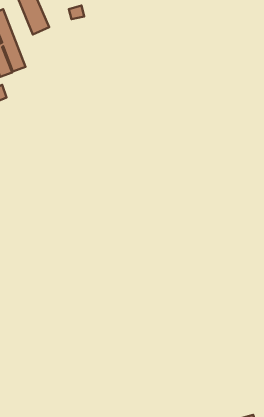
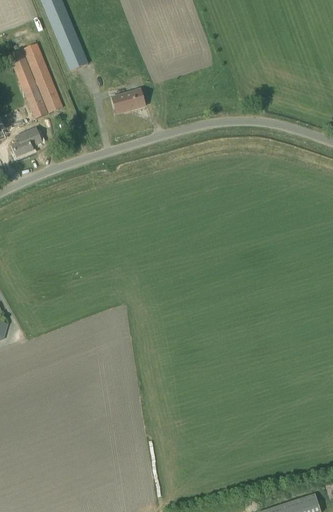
building: none -> [112,89,145,113]

